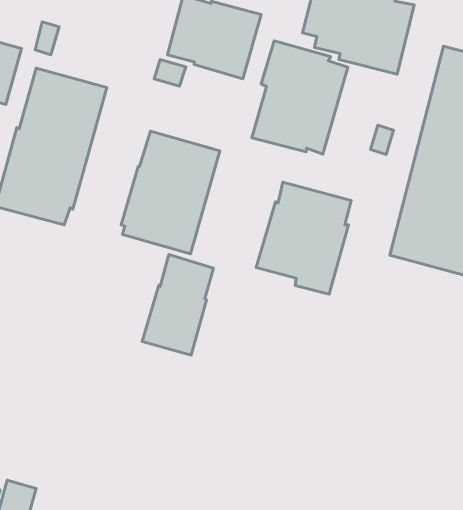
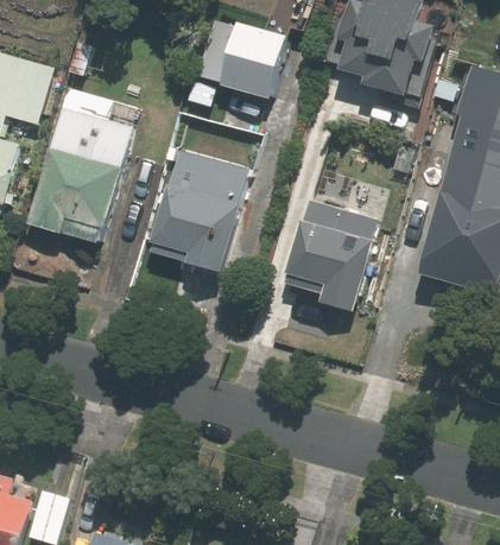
building: [252,41,348,154] -> none
building: [142,254,214,355] -> none

